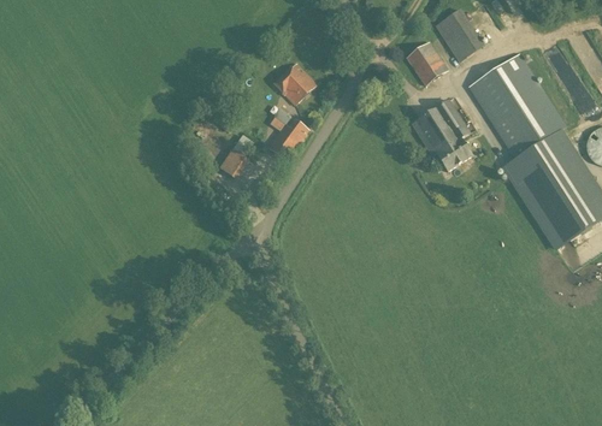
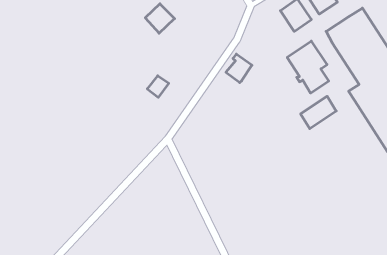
building: [275,61,315,102] -> [145,4,175,33]
building: [272,111,308,150] -> [226,54,252,83]
building: none -> [301,96,336,129]

